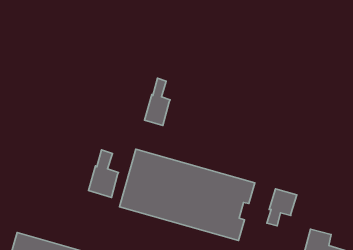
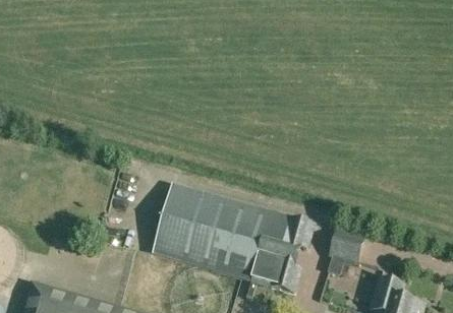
building: [145,78,170,126] -> none
building: [88,150,119,197] -> none

